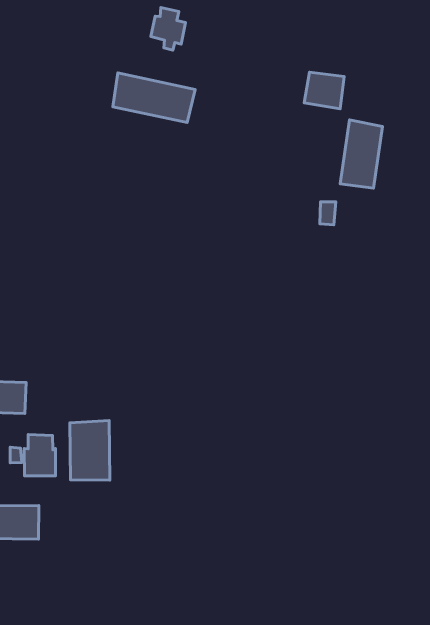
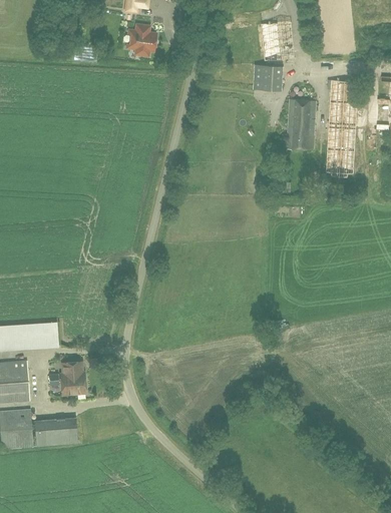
building: [113,73,195,122] -> none
building: [70,421,110,480] -> none

